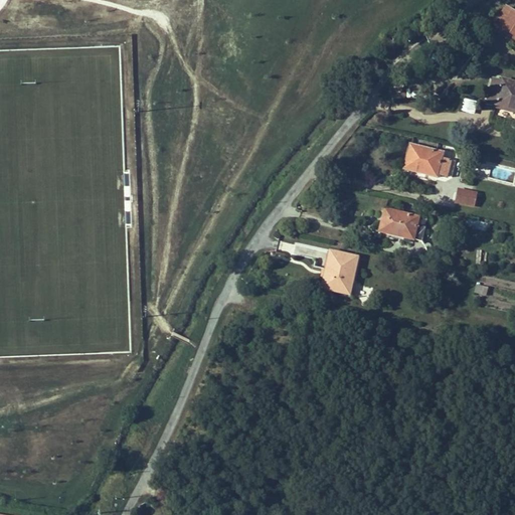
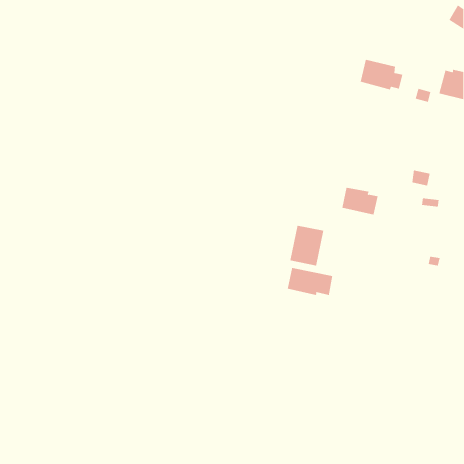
building: [403,143,452,177] -> [360,59,403,90]
building: none -> [287,267,333,296]

